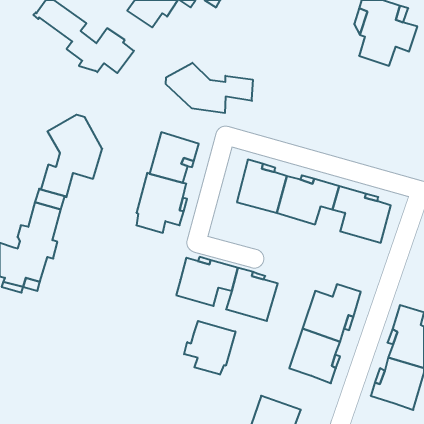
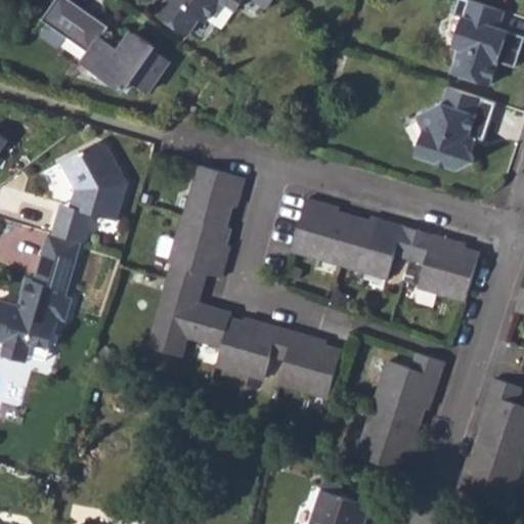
building: [166,63,253,113] -> none
building: none -> [416,87,494,169]
building: none -> [148,278,231,355]
building: [184,321,235,375] -> none

